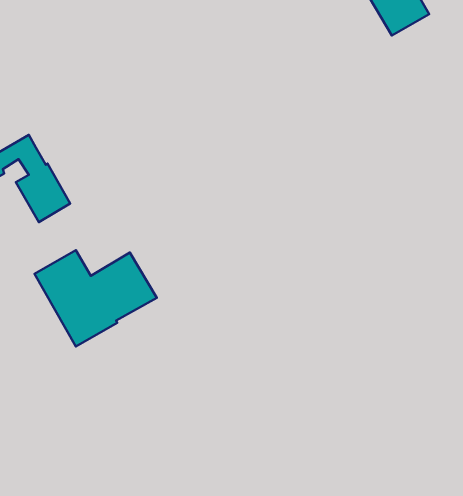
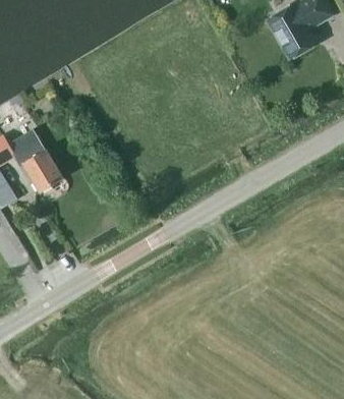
building: [35,250,157,347] -> none

